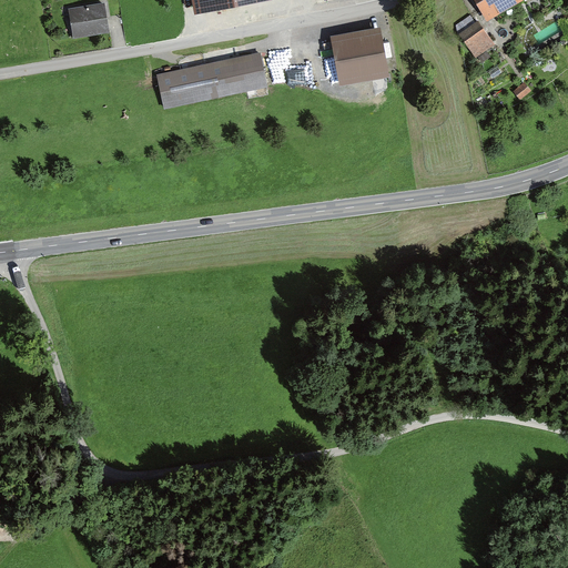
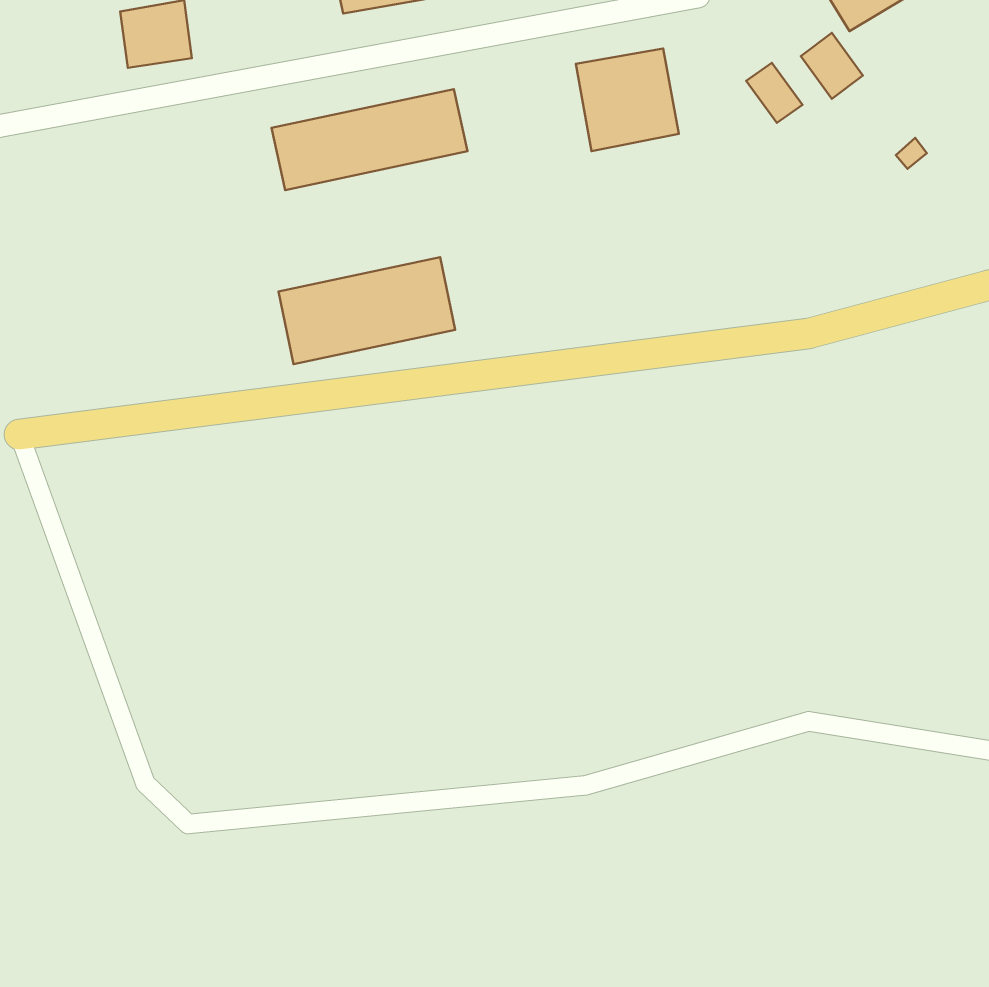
building: none -> [746,63,803,123]
building: none -> [279,257,455,364]

